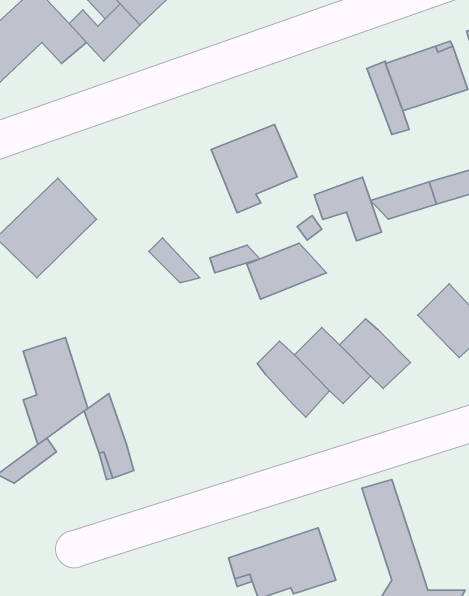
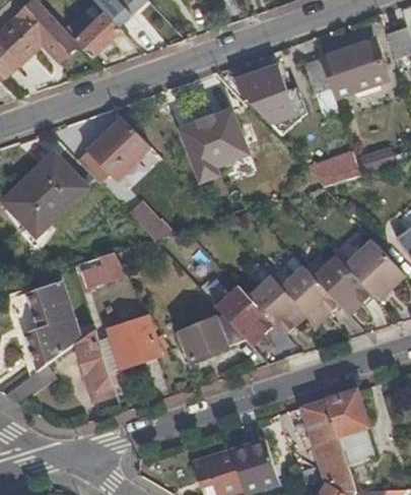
building: none -> [76,116,149,188]
building: [314,177,381,241] -> [237,64,292,116]
building: [247,243,326,299] -> [181,313,246,359]
building: none -> [74,252,127,288]
building: none -> [315,254,373,314]
building: none -> [98,314,160,370]
building: none -> [326,388,373,463]

